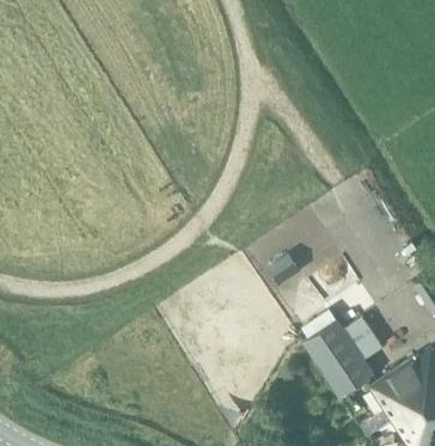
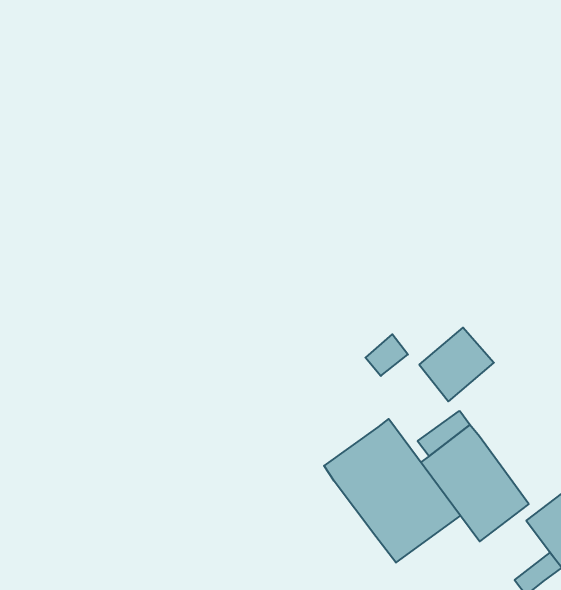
building: none -> [324,419,461,563]
building: [342,314,381,359] -> none

